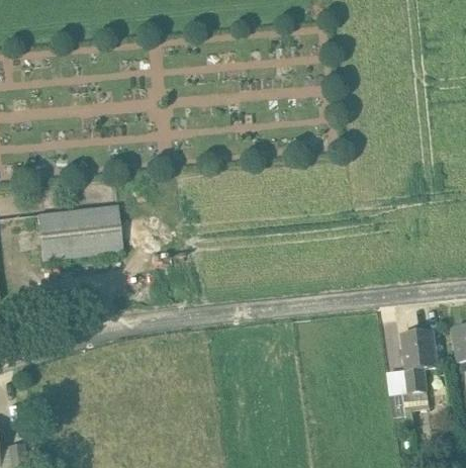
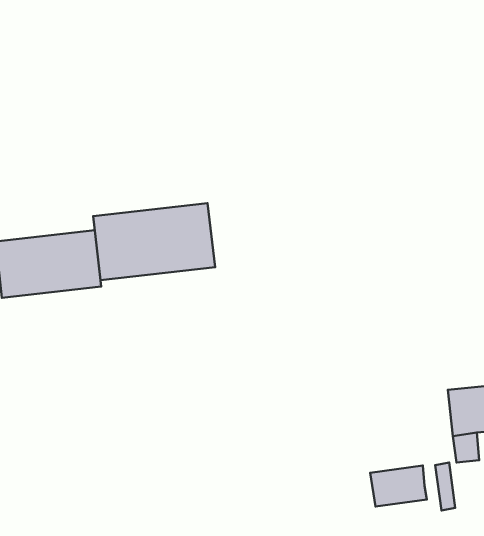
building: none -> [93,203,215,280]
building: none -> [370,466,427,506]

